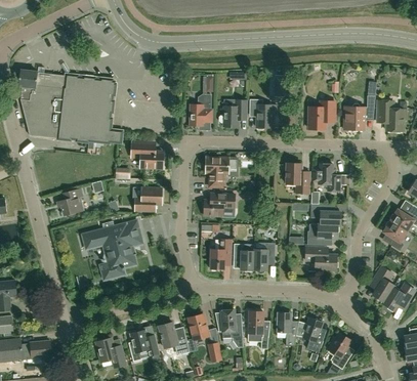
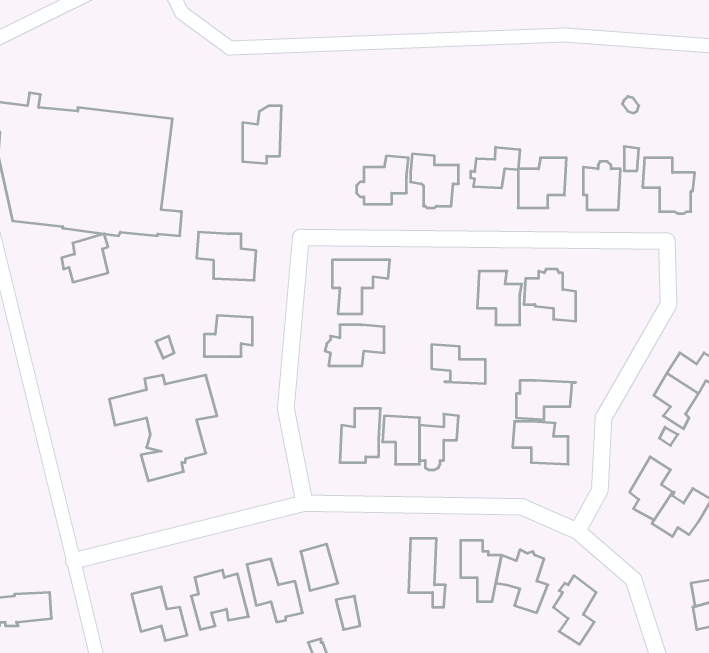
building: [190,94,211,126] -> [243,106,282,163]
building: none -> [471,147,520,188]
building: [57,187,83,214] -> [62,234,108,282]
building: [310,203,340,224] -> [432,345,485,384]
building: [215,308,243,337] -> none

